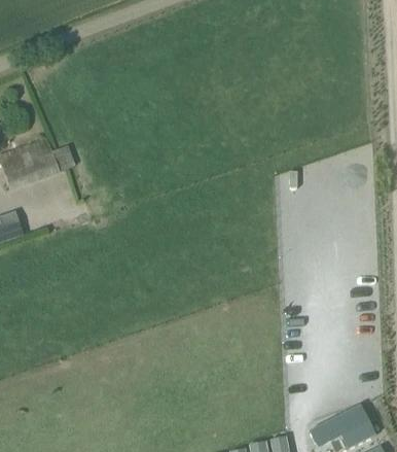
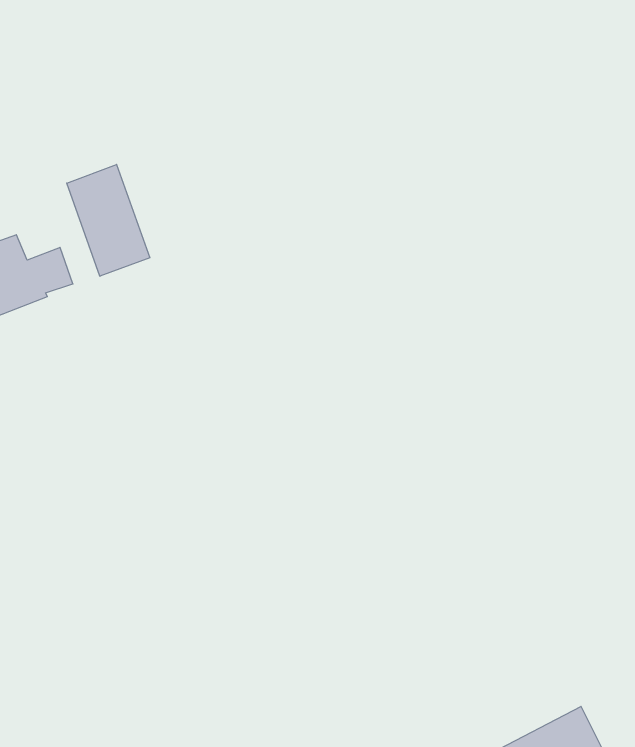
building: none -> [67,164,150,276]

